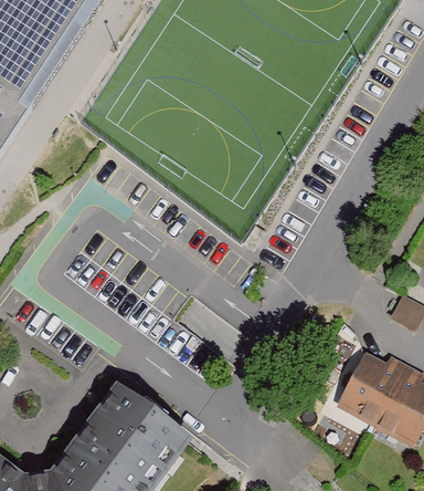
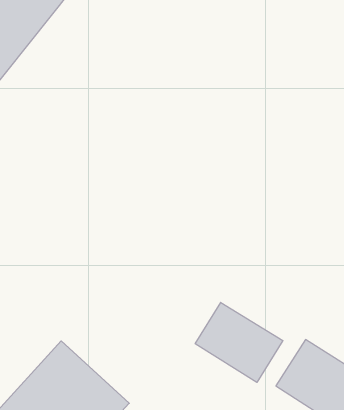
building: none -> [195,302,283,382]

